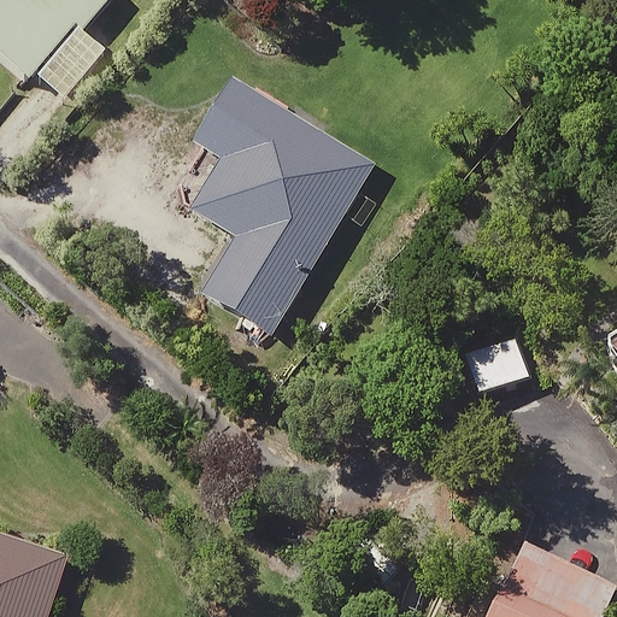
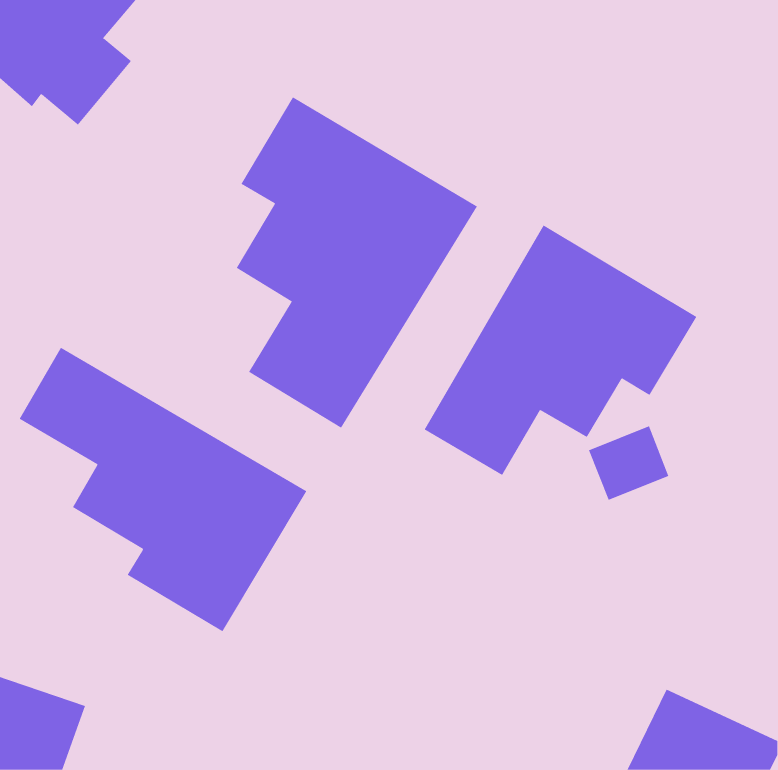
building: none -> [424,224,697,476]
building: none -> [19,347,307,632]

